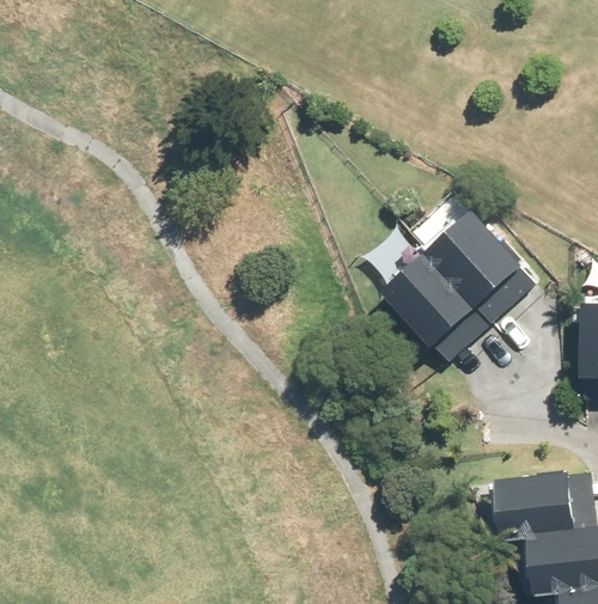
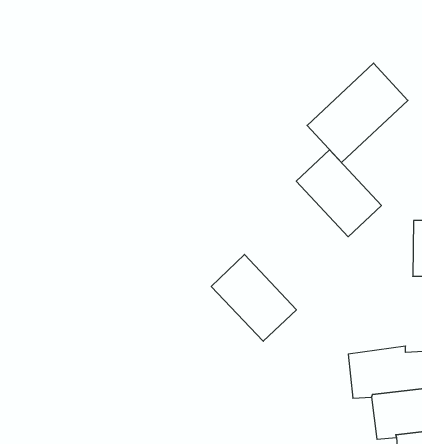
building: none -> [307,63,408,163]
building: [379,250,493,366] -> [211,254,296,341]

